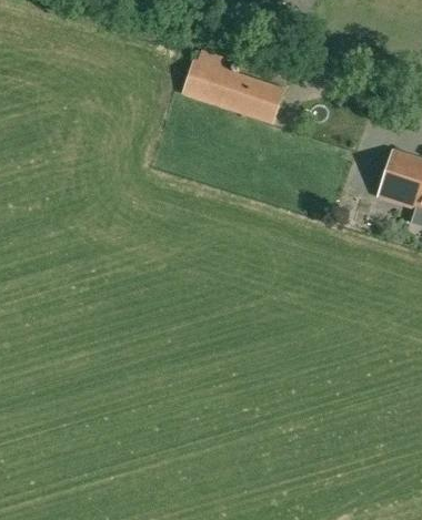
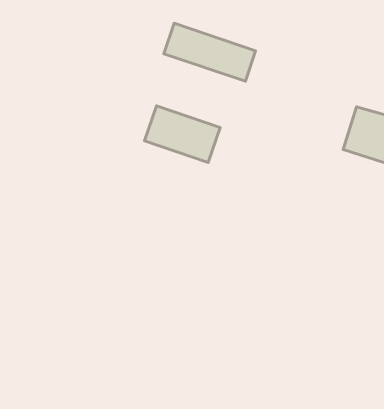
building: none -> [144,106,220,162]

